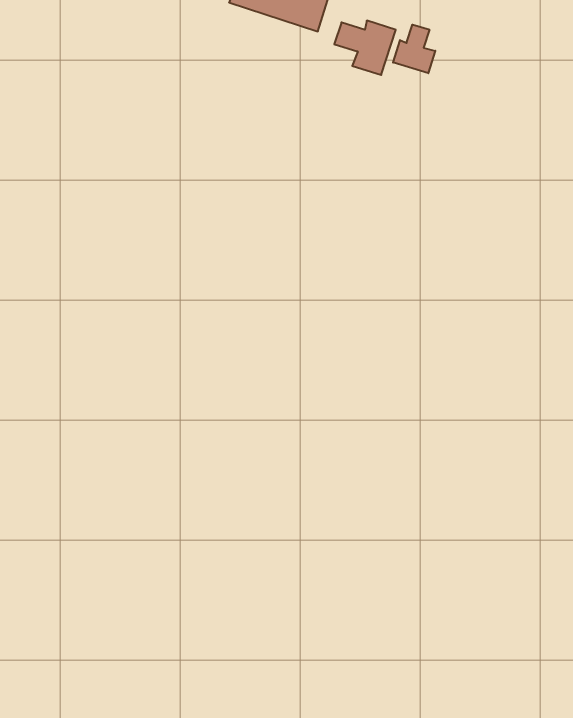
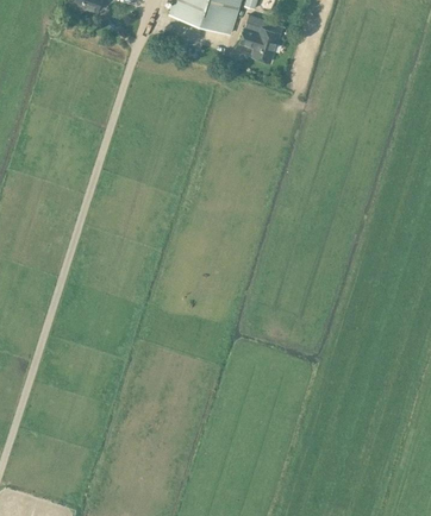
building: [393,25,435,73] -> none

